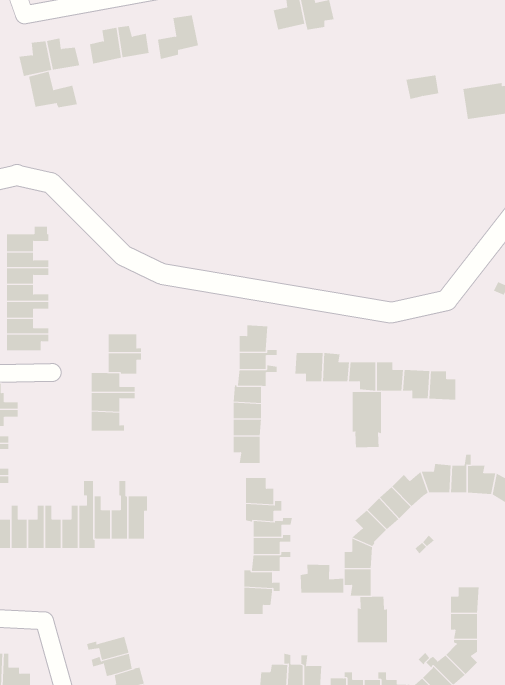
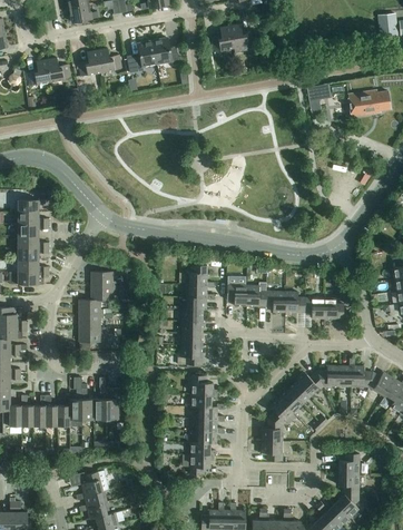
building: none -> [153,38,179,65]
building: [29,71,78,108] -> none
building: [352,391,382,448] -> none
building: [300,564,344,594] -> none
building: [357,596,388,643] -> none
building: none -> [81,470,109,495]

